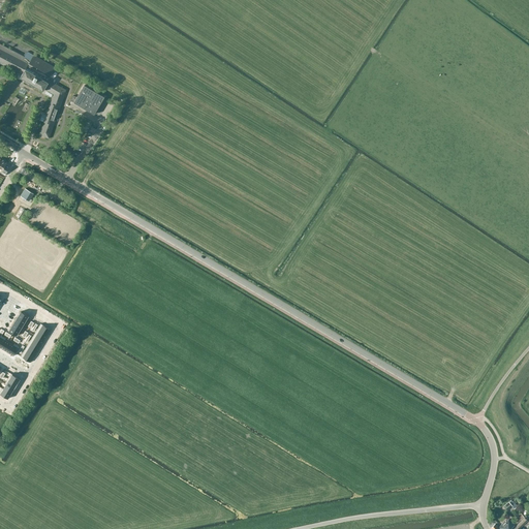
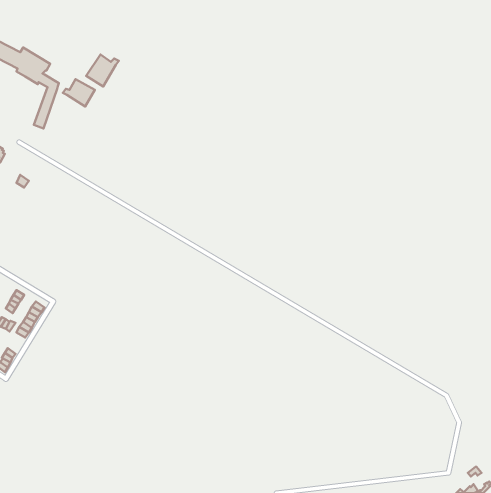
building: none -> [86,54,119,86]

